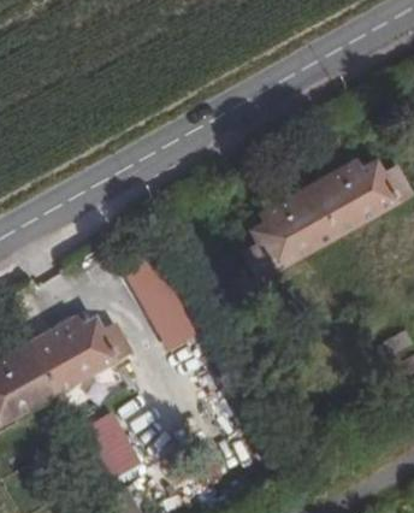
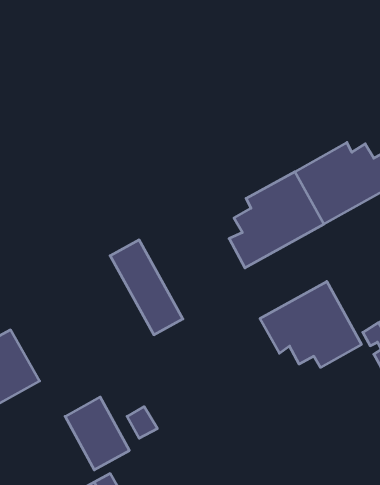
building: none -> [260,281,361,367]
building: [25,316,131,394] -> none

